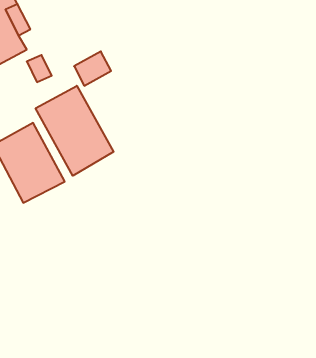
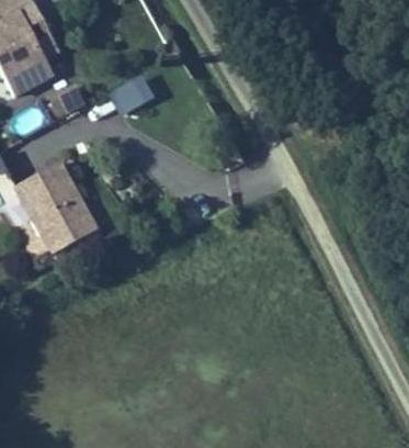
building: [36,86,114,176] -> none

